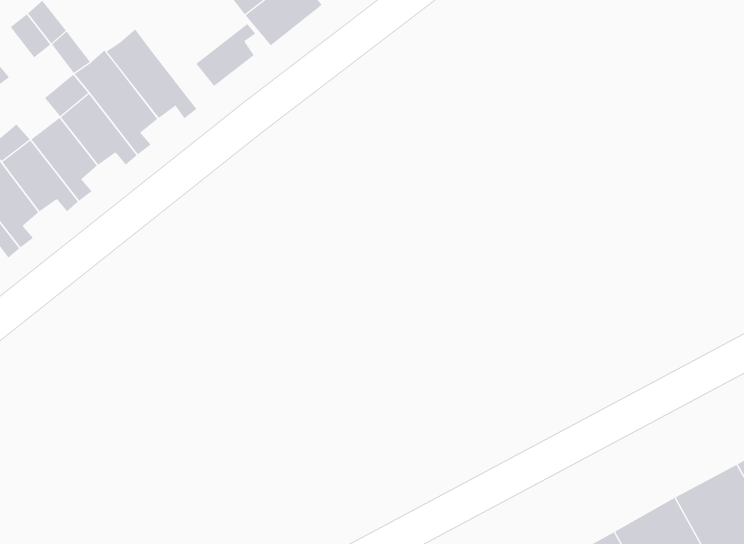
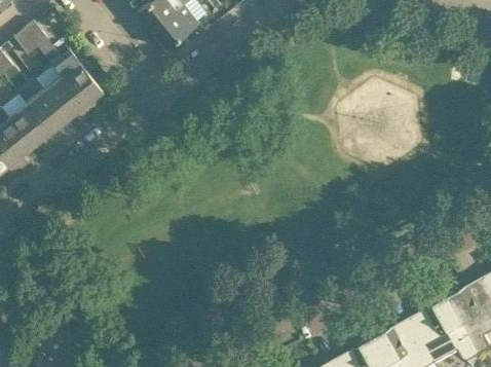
building: [195,23,256,87] -> none
building: [106,28,197,119] -> none

